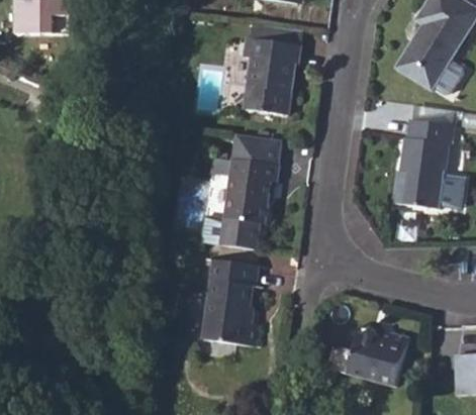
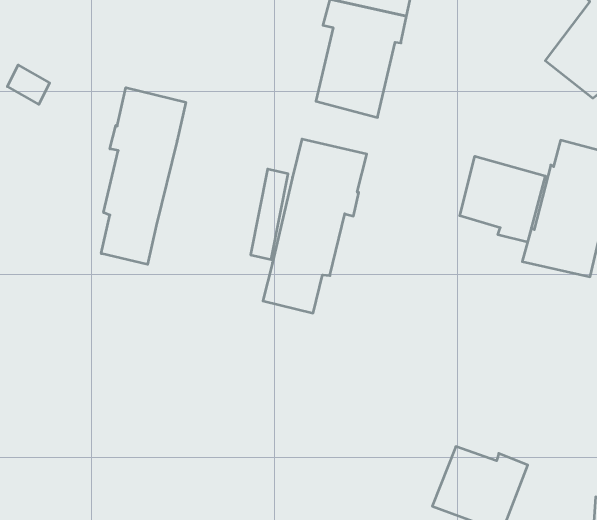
building: none -> [101,88,186,264]
building: none -> [460,156,545,242]
building: [201,258,258,346] -> none

